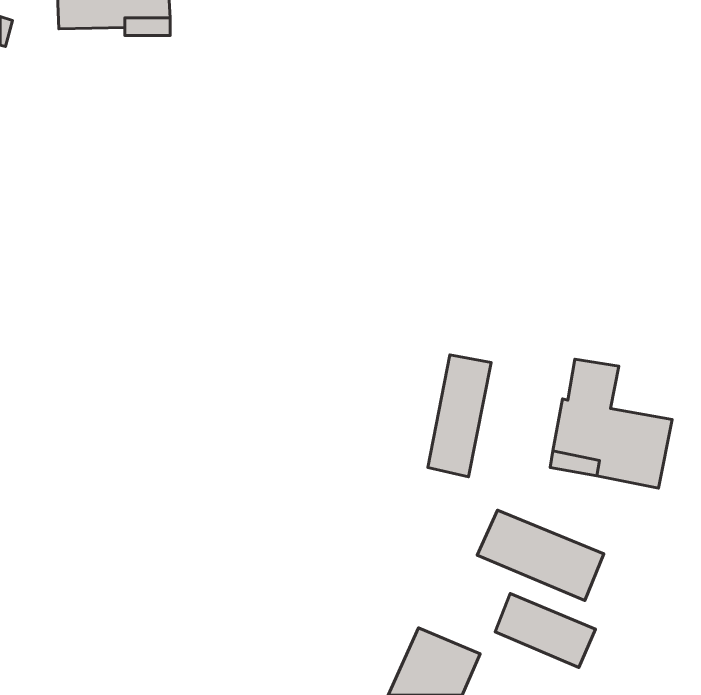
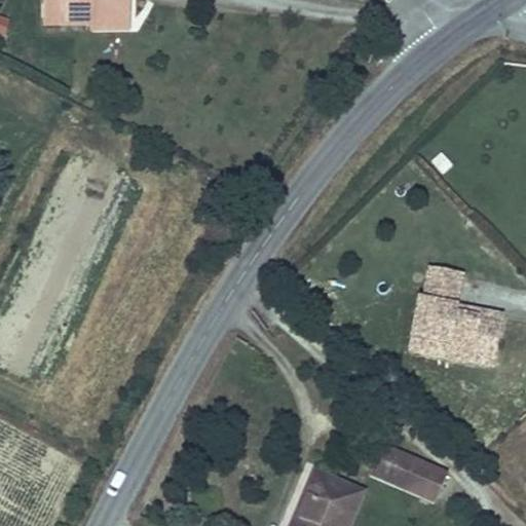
building: [428,355,491,477] -> none
building: [477,510,604,600] -> none

